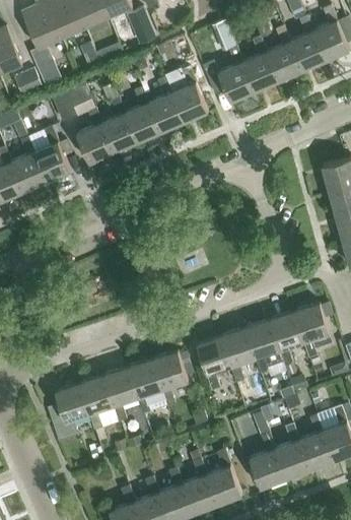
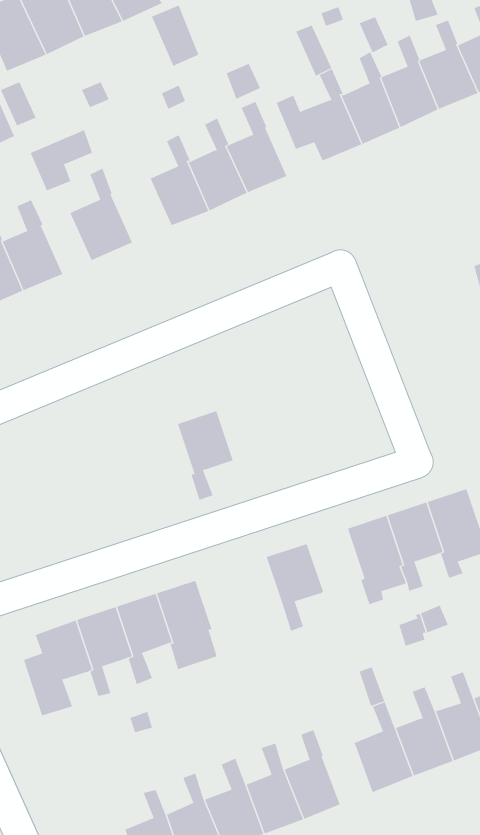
building: [101,96,138,152] -> none
building: [221,327,256,382] -> none
building: [153,350,188,405] -> [177,411,234,500]

